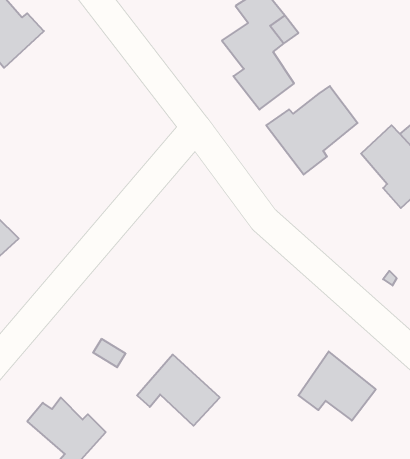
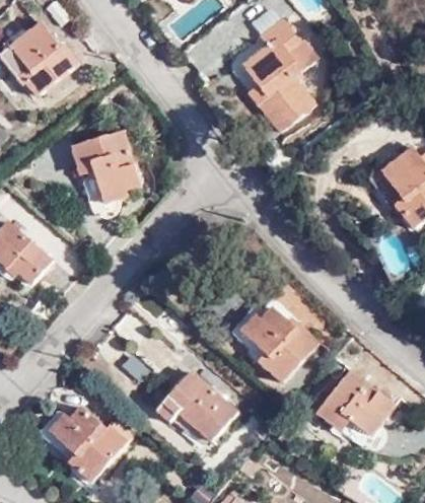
building: [266,86,358,175] -> none
building: none -> [66,123,133,193]
building: none -> [250,315,326,385]

